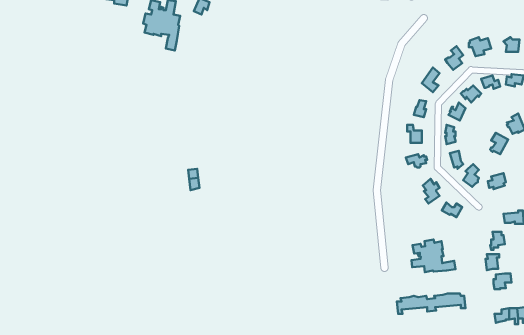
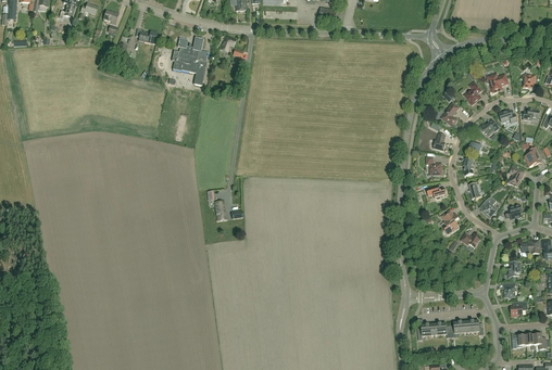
building: [412,240,455,272] -> none

